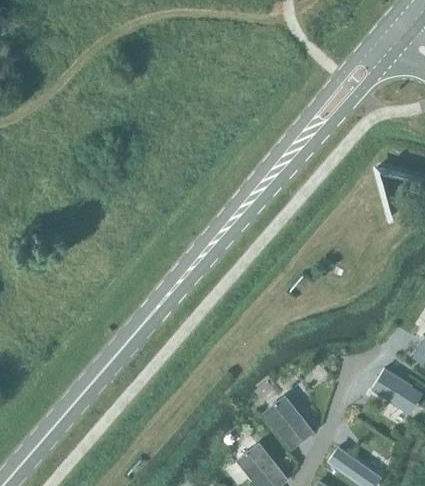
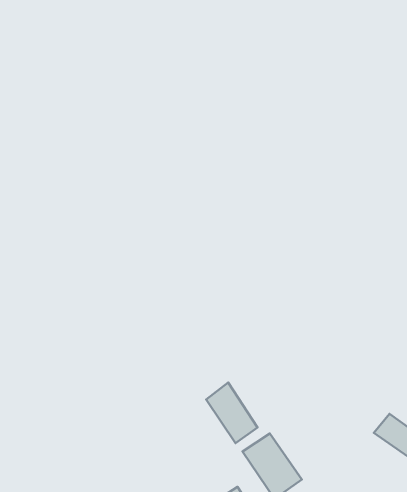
building: none -> [206,382,258,443]

